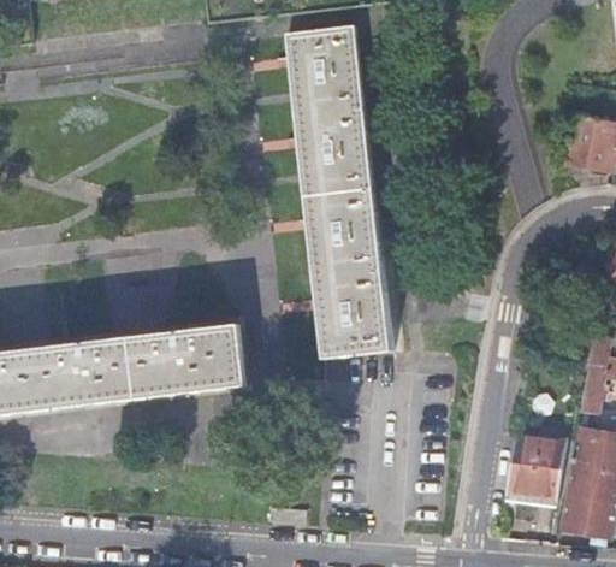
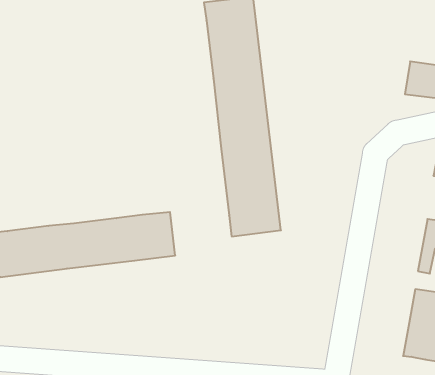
building: [505,433,568,496] -> none

